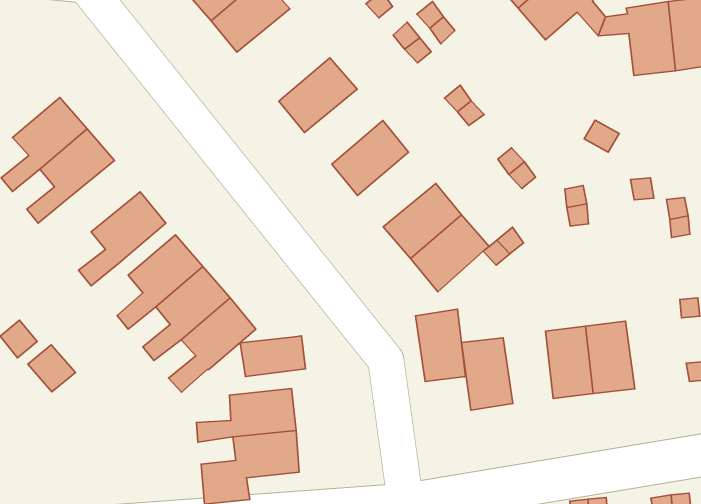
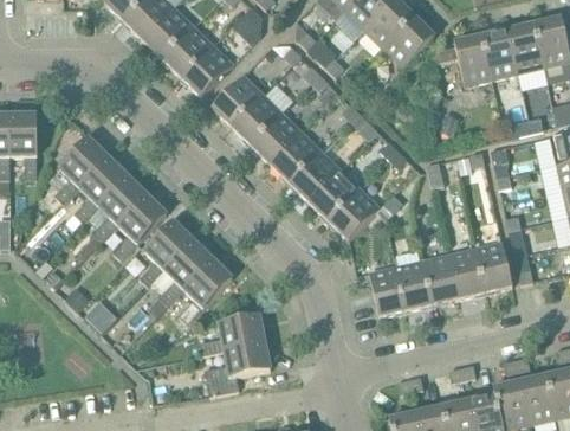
building: none -> [212,75,263,126]
building: none -> [251,112,302,163]
building: none -> [290,150,341,201]
building: none -> [92,175,147,240]
building: [416,309,465,382] -> [395,259,432,309]
building: none -> [474,242,512,291]
building: [240,336,305,377] -> none

